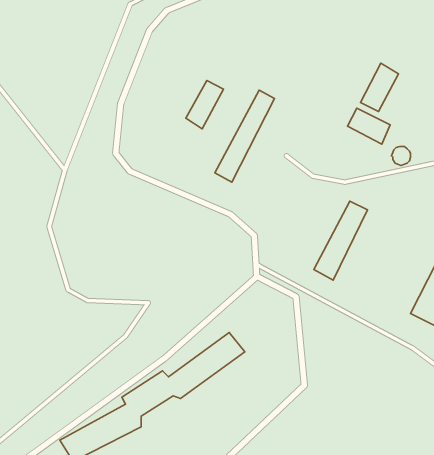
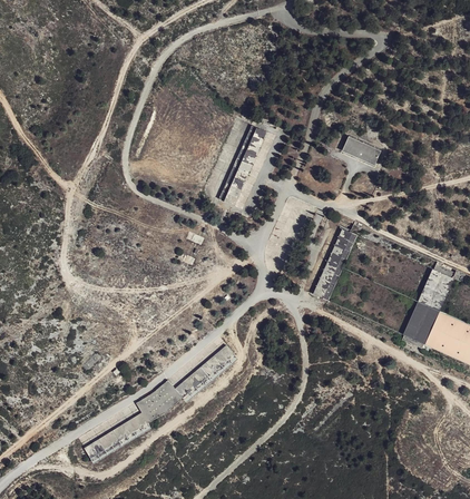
building: [361,63,398,112] -> none
building: [186,80,223,129] -> none

